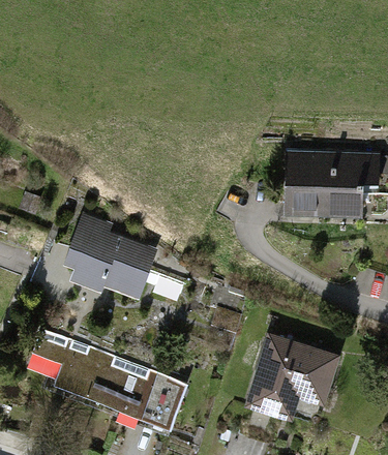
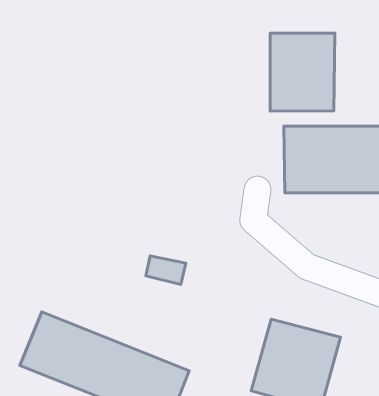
building: none -> [270,33,335,111]
building: [65,221,155,297] -> none

